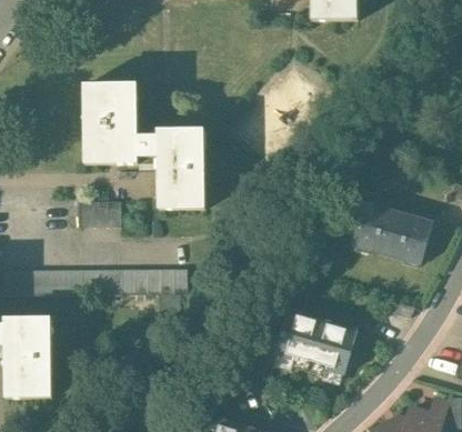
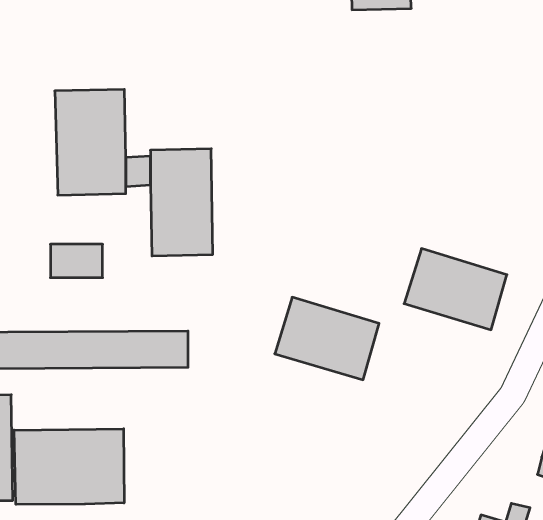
building: [274,311,354,374] -> [275,297,379,380]
building: none -> [14,429,124,504]

